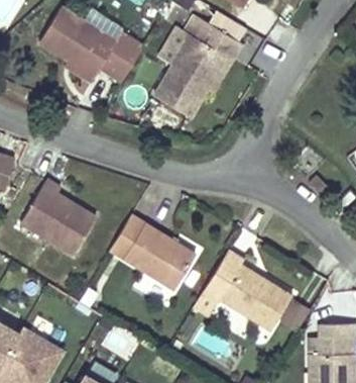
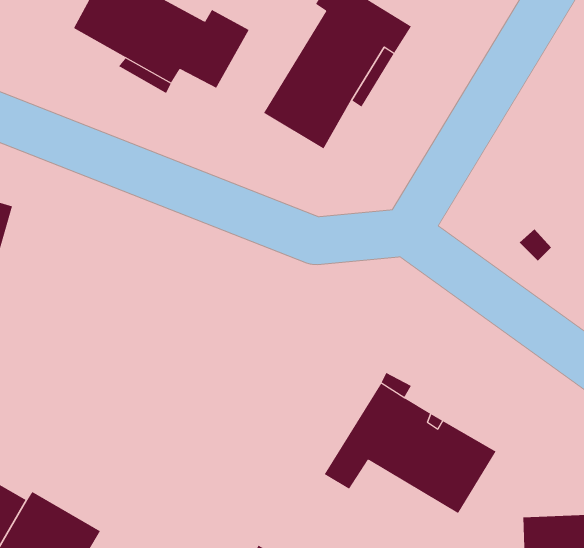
building: [21,181,95,252] -> none
building: [110,214,197,287] -> none

